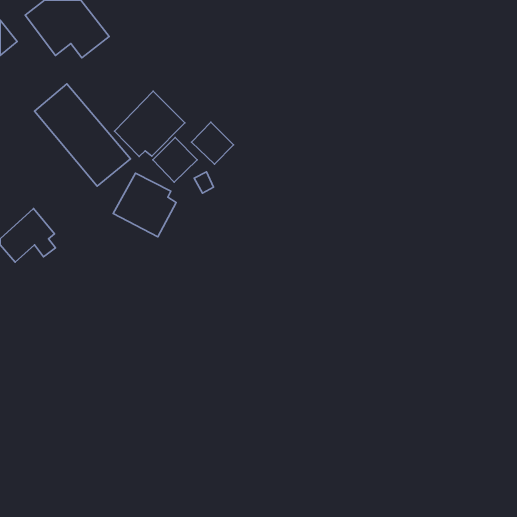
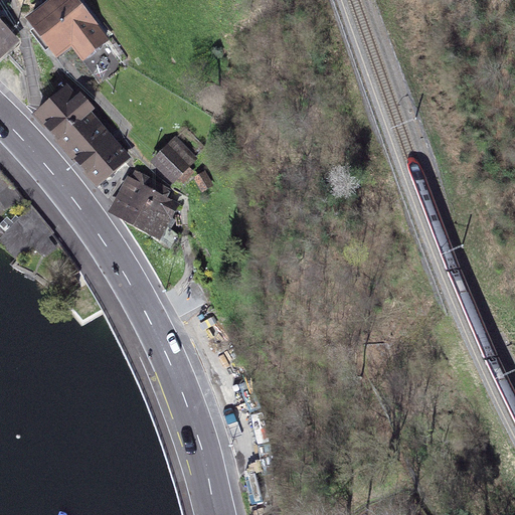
building: [114,91,185,157] -> none
building: [192,122,234,164] -> none

